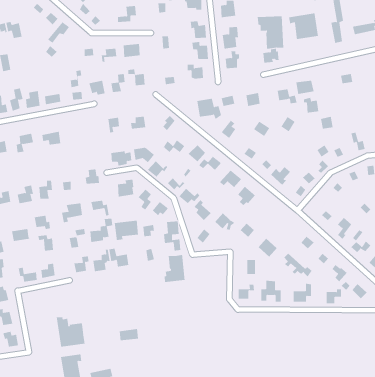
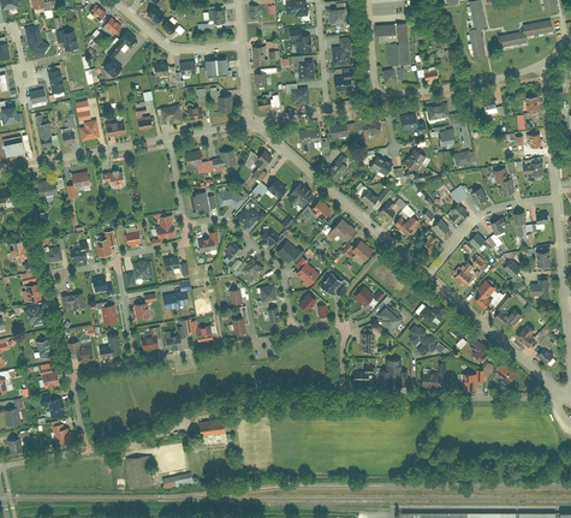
building: [288,12,318,40] -> none
building: [114,220,138,241] -> none
building: [164,254,185,283] -> none
building: [56,316,85,347] -> none

